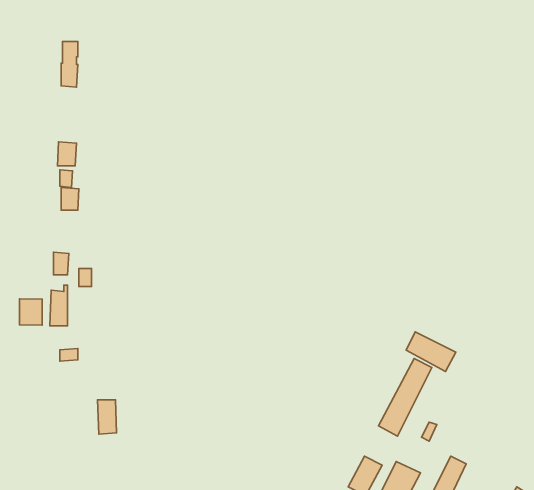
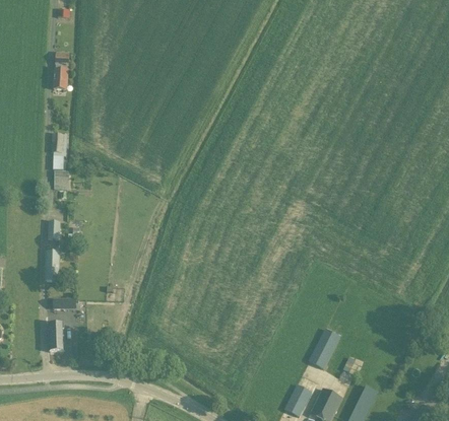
building: [19,299,42,325] -> none
building: [406,332,456,371] -> none
building: [98,400,117,434] -> [48,324,63,351]

